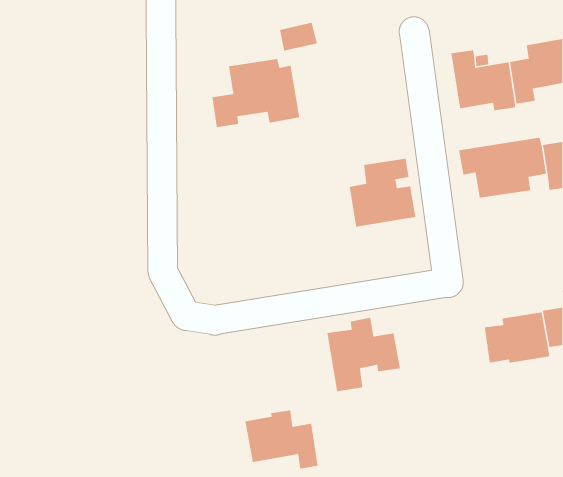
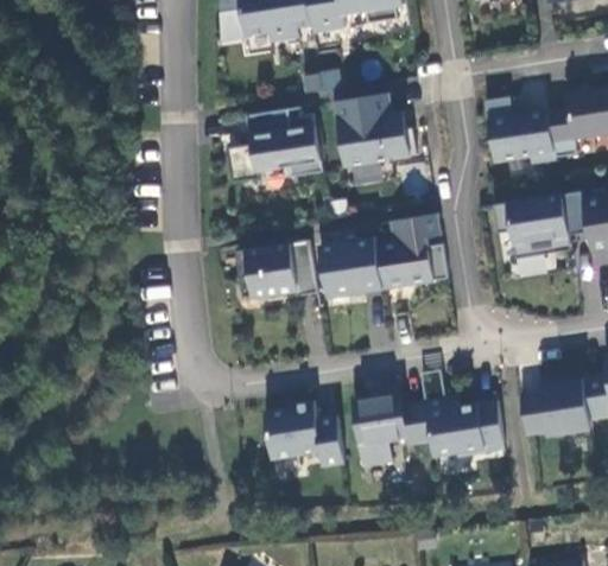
building: none -> [335,93,416,166]
building: none -> [318,236,382,294]
building: none -> [238,240,317,298]
building: none -> [420,369,505,457]
building: [244,410,318,469] -> [264,401,343,465]

